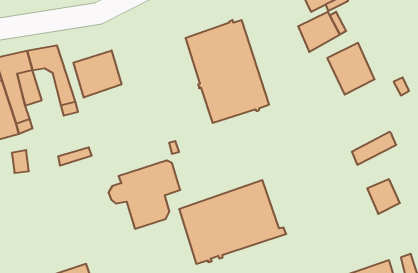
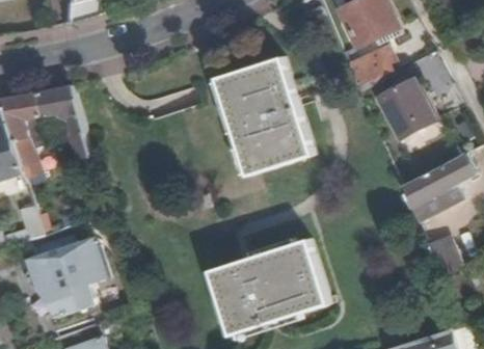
building: [73,50,121,98] -> none
building: none -> [399,155,474,207]
building: [108,161,180,229] -> [25,238,107,316]

